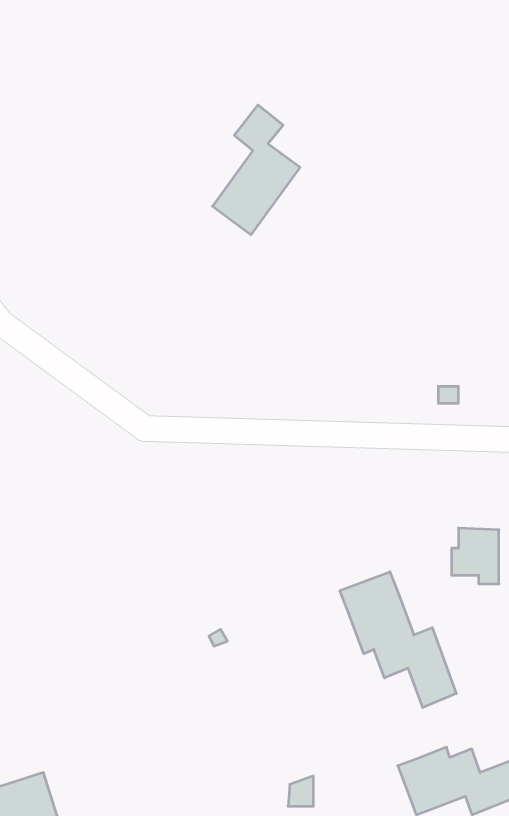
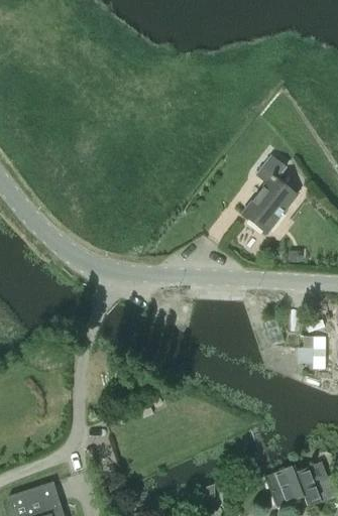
building: [212,105,300,235] -> [242,157,295,235]
building: [340,572,456,708] -> none

